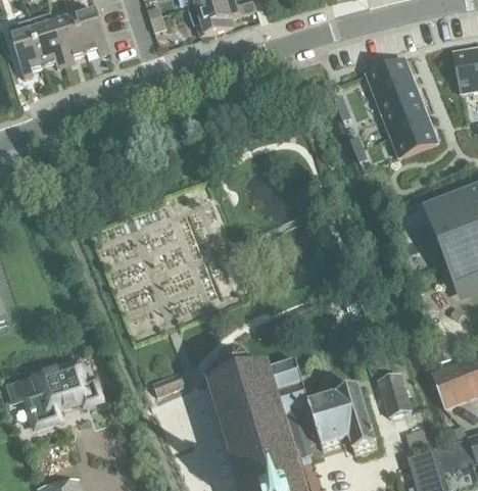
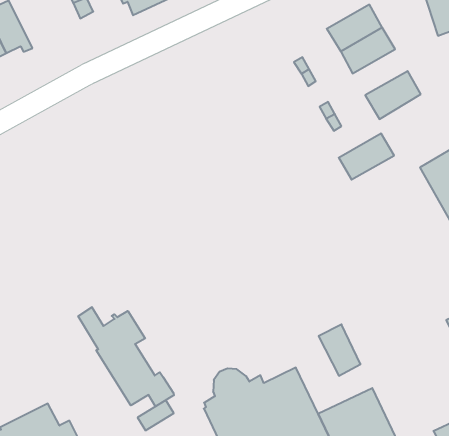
building: [381,99,429,135] -> [339,134,394,180]
building: none -> [78,307,174,406]
building: [377,373,410,416] -> [319,324,361,376]

